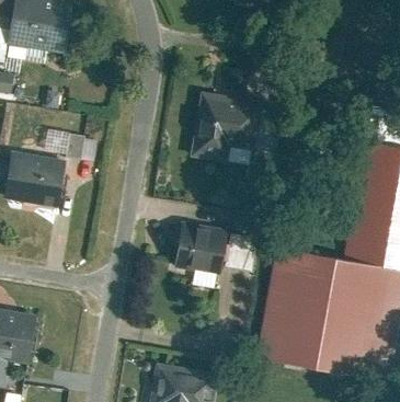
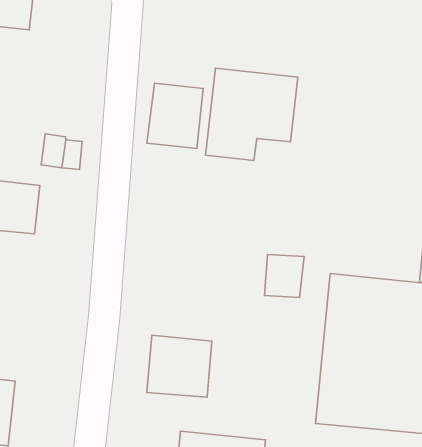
building: none -> [147,83,203,149]
building: [175,223,227,273] -> [147,335,212,397]

